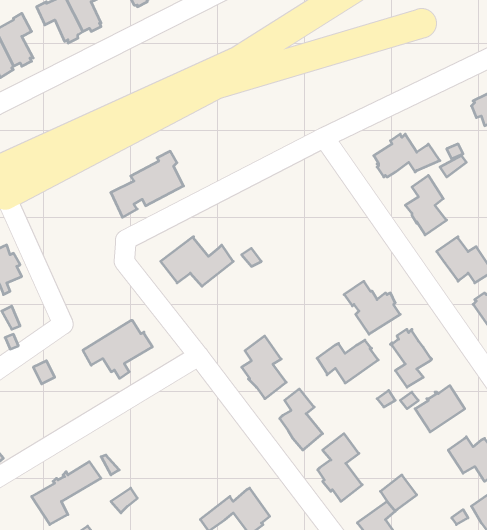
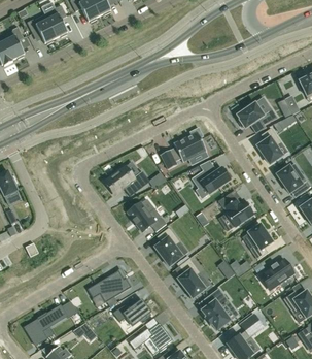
building: [111,151,184,217] -> [161,127,206,168]
building: none -> [128,201,166,231]
building: [83,321,152,378] -> [88,270,131,306]
building: [317,340,378,383] -> [192,167,230,194]
building: none -> [112,298,151,326]

